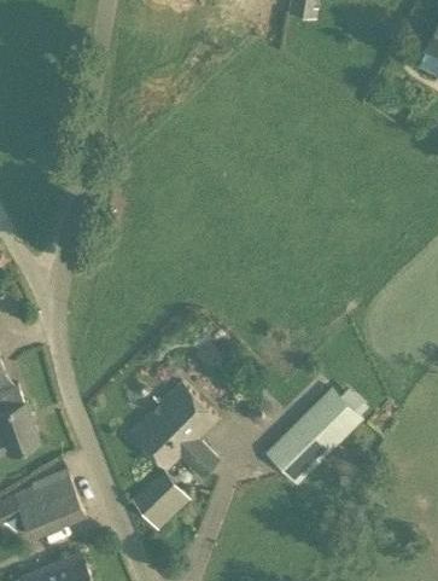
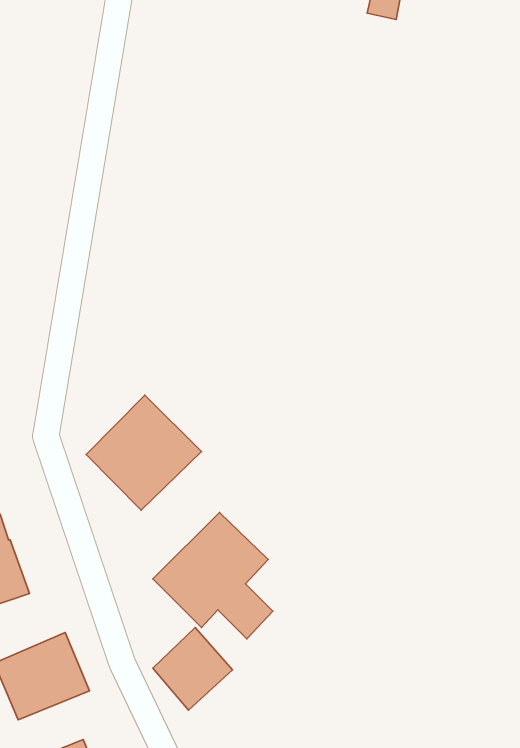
building: none -> [86,395,202,510]
building: [263,387,363,486] -> none

